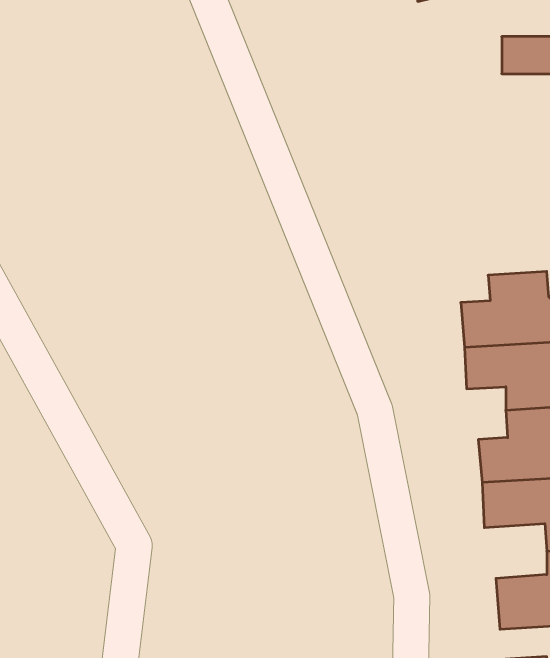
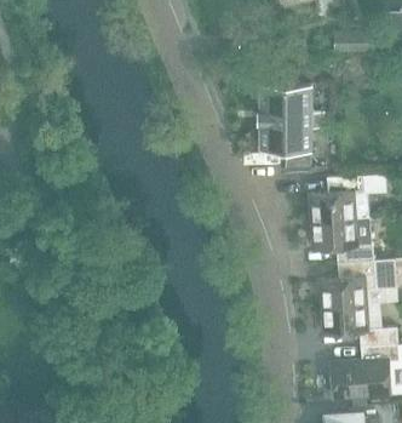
building: none -> [258,84,323,170]

